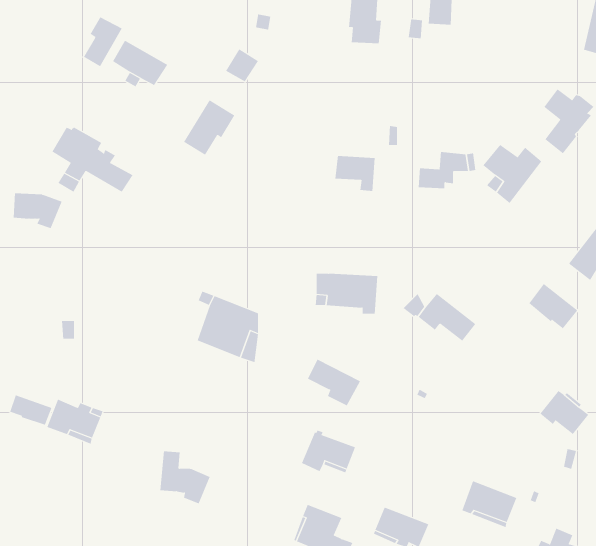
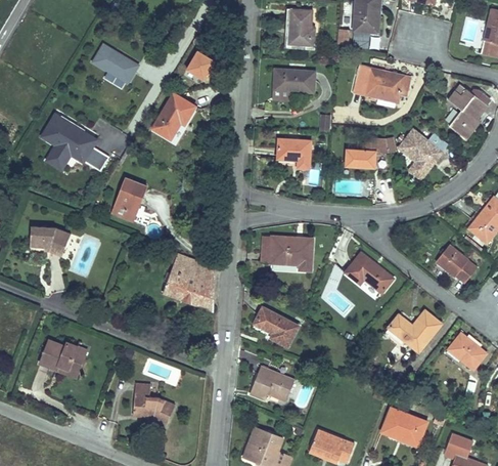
building: [83,16,122,67] -> none
building: none -> [353,66,409,108]
building: none -> [272,70,314,100]
building: [13,193,62,229] -> [30,226,71,256]
building: none -> [114,178,146,221]
building: none -> [388,311,440,351]
building: [9,395,52,426] -> none

